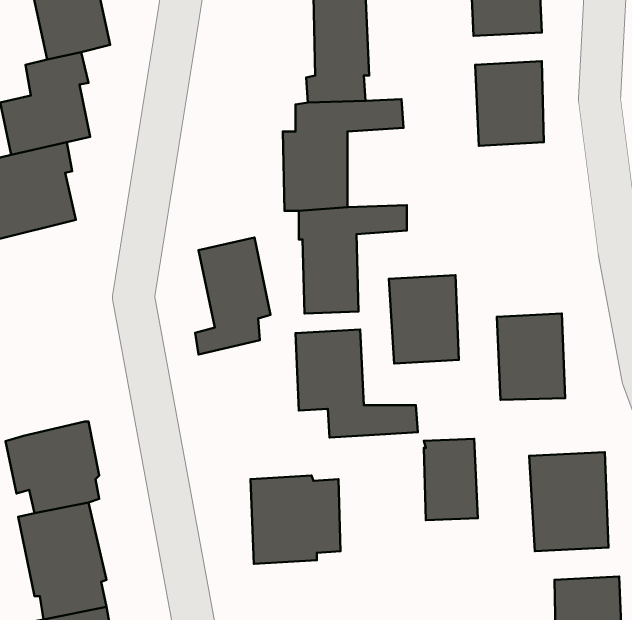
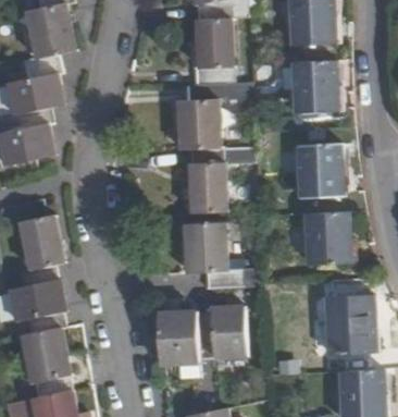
building: [195,237,271,355] -> [20,216,65,286]
building: [389,275,459,363] -> [298,145,340,198]
building: [424,439,478,520] -> [212,307,245,356]

